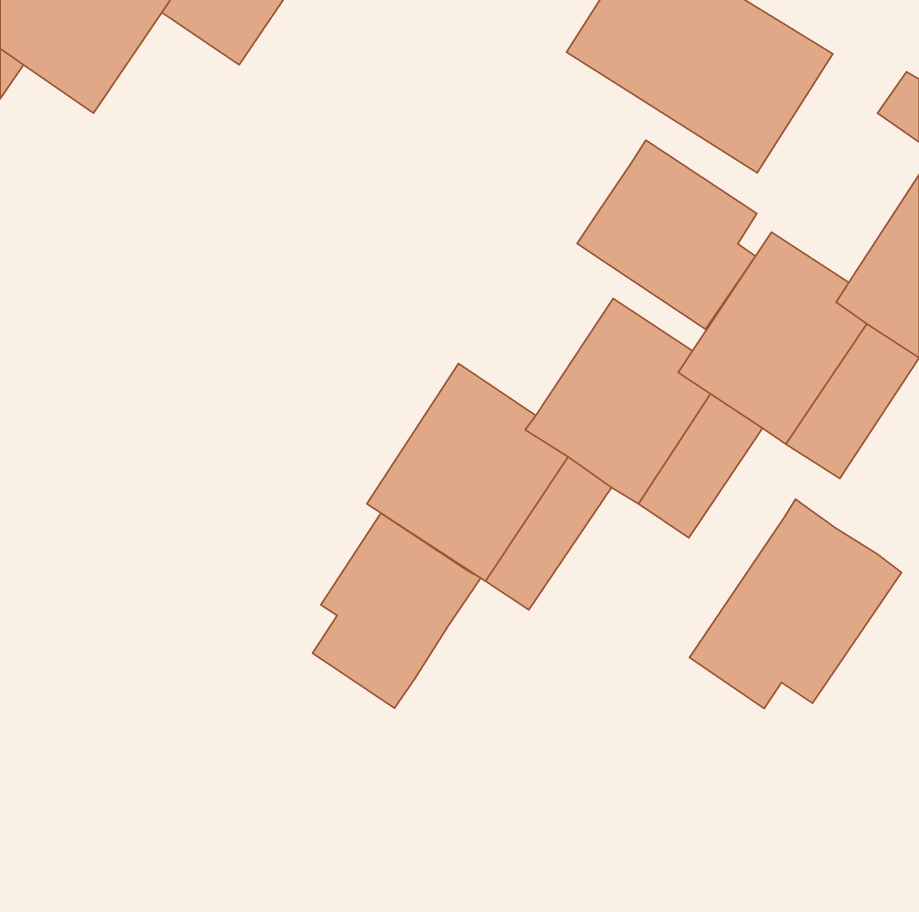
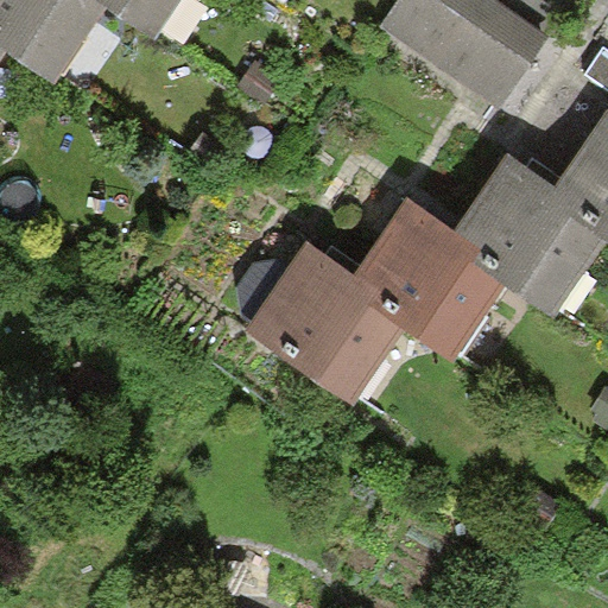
building: [577,140,757,329] -> none
building: [689,499,901,709] -> none
building: [312,513,481,708] -> none

